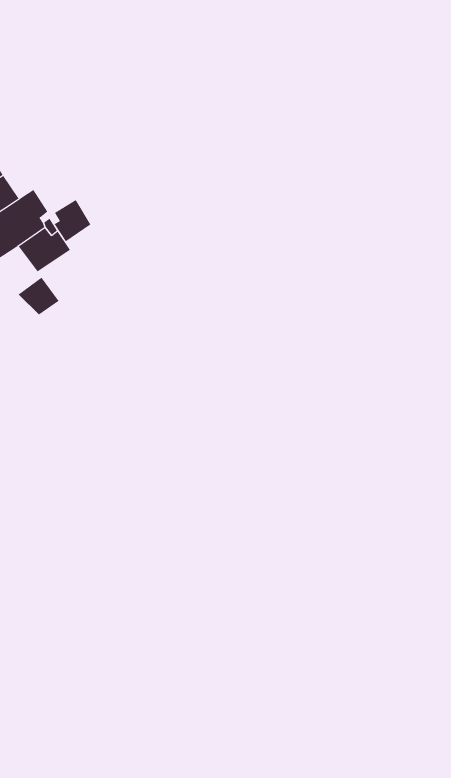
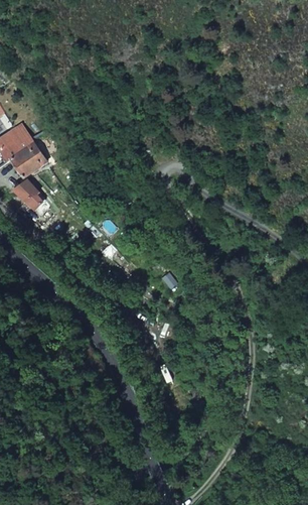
building: [54,199,91,242] -> none

